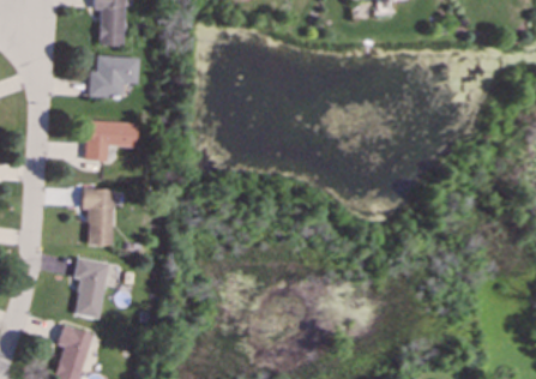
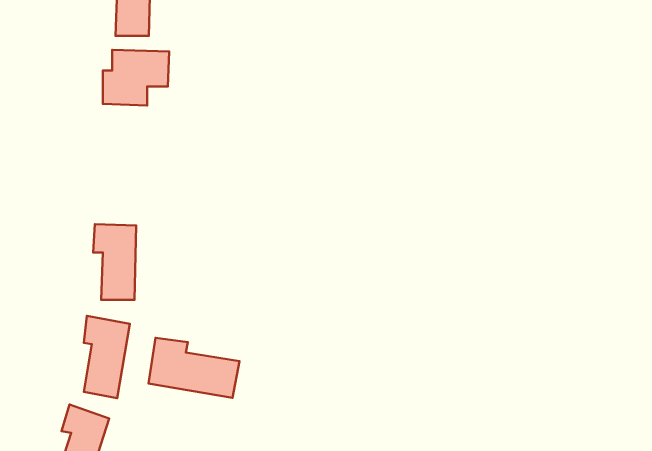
building: [86,120,137,160] -> none
building: none -> [148,338,240,398]

